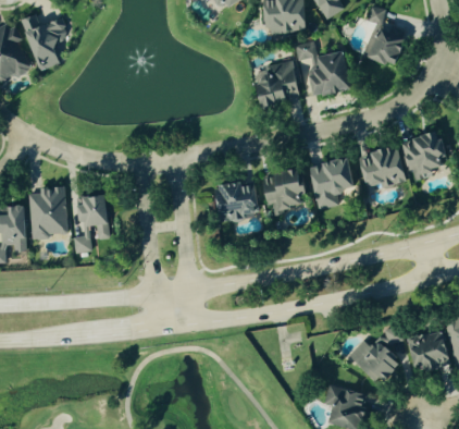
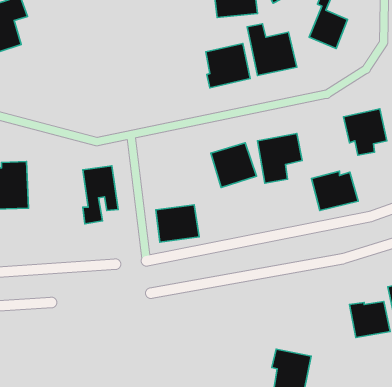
building: [357,148,406,189] -> [312,171,358,211]
building: [214,180,260,219] -> [156,205,199,242]
building: [74,193,111,254] -> [83,166,118,224]
building: [348,339,401,387] -> none

